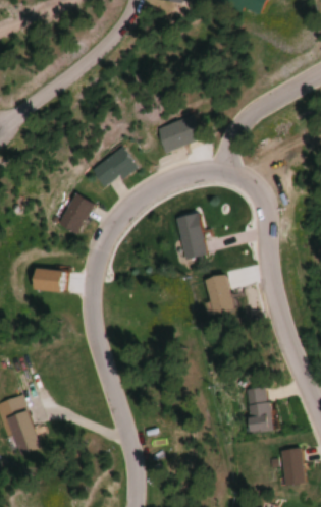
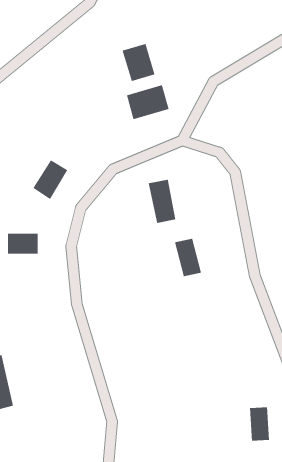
building: none -> [122,43,155,82]
building: [92,150,136,187] -> none
building: [245,386,272,433] -> none

